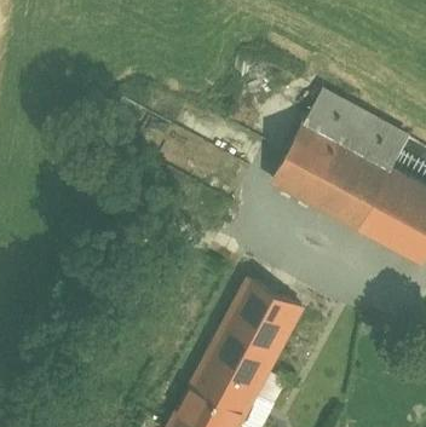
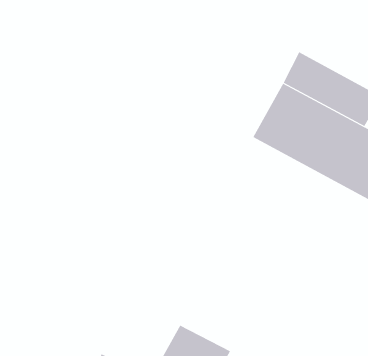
building: [197,278,303,405] -> none

